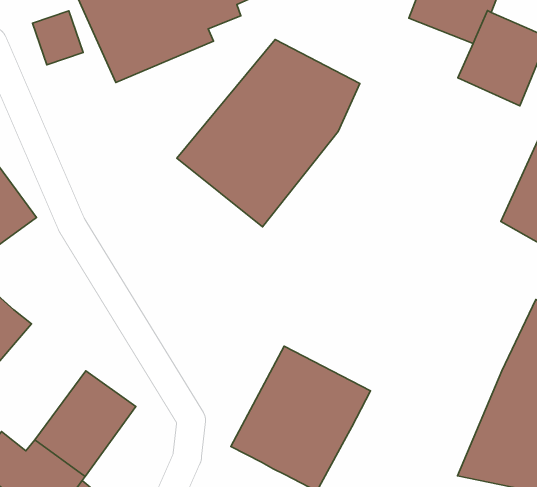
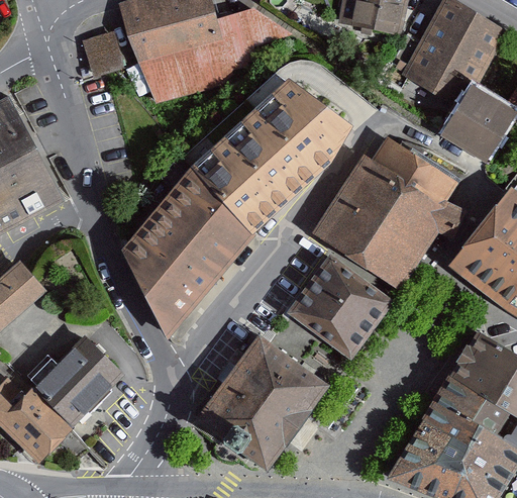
building: none -> [314,138,464,288]
building: none -> [128,167,254,328]
building: none -> [291,258,389,355]

